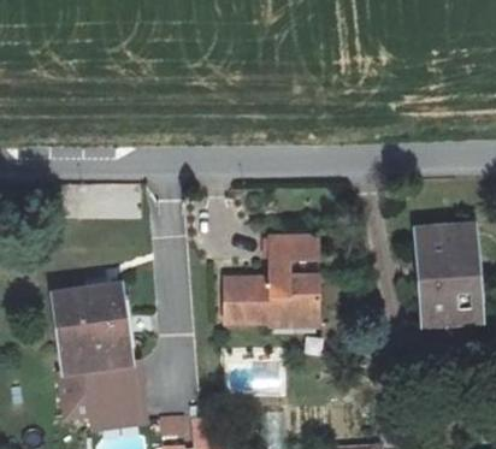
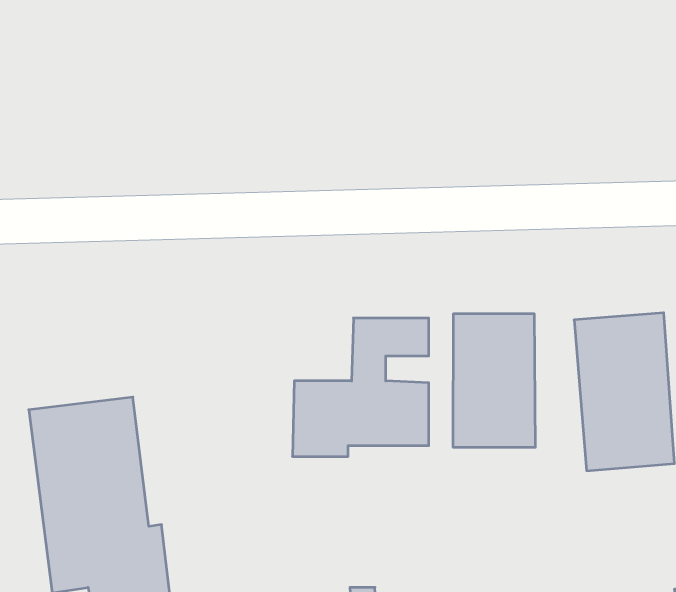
building: none -> [453,314,535,447]

